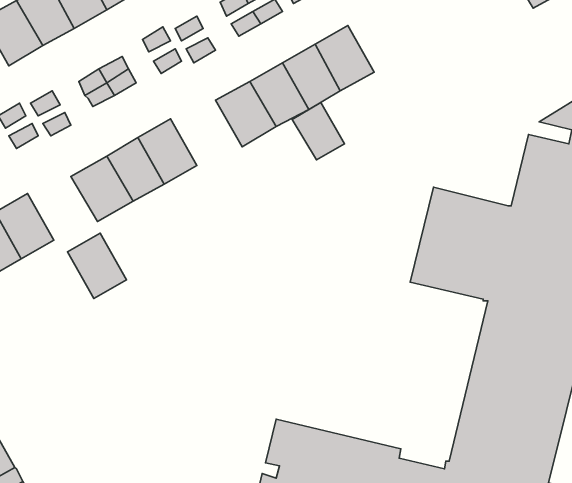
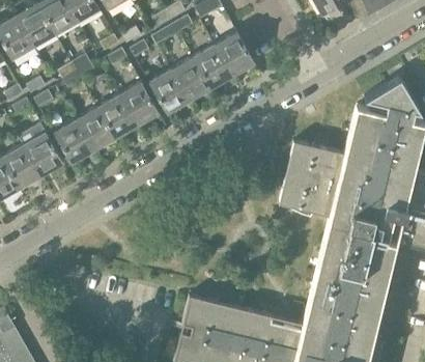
building: none -> [118,83,159,127]
building: [292,102,344,160] -> none
building: [67,233,127,298] -> [23,133,62,176]

